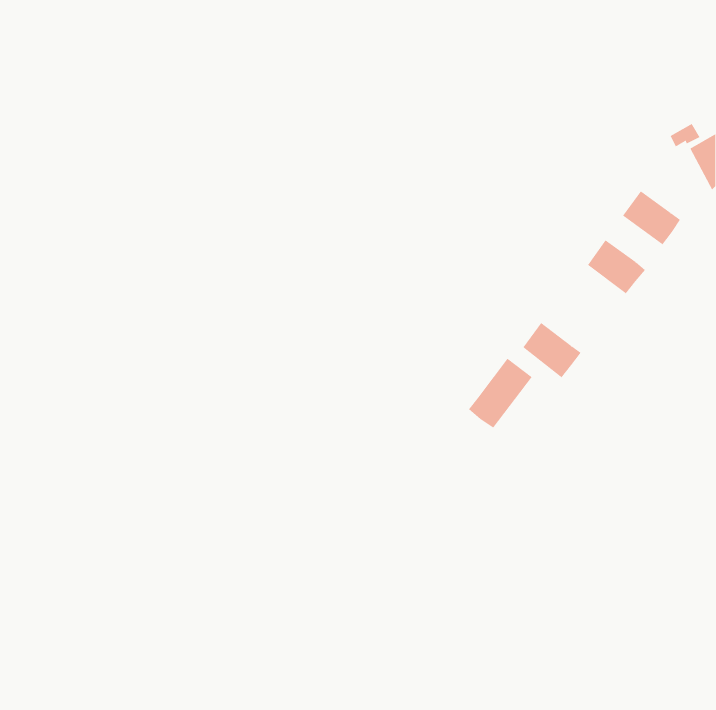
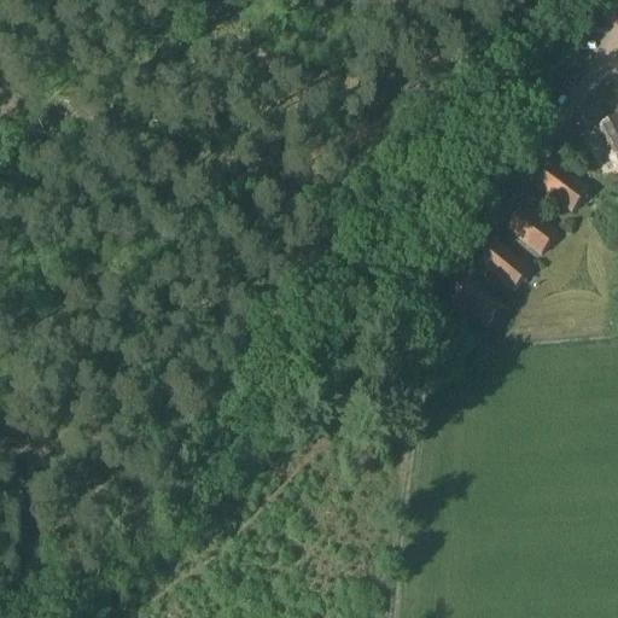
building: none -> [478,241,529,290]
building: [468,358,532,429] -> none

